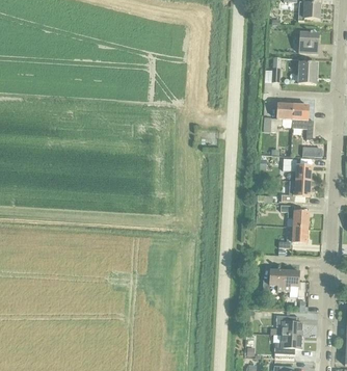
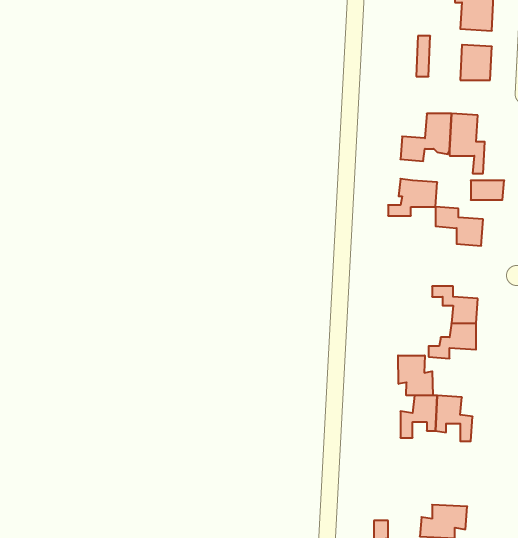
building: [282,178,311,200] -> [388,179,437,216]
building: none -> [398,355,433,395]
building: [276,314,303,334] -> none

